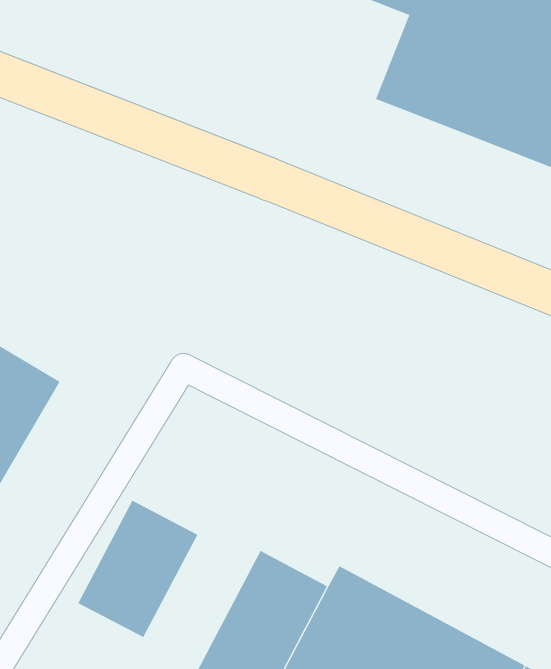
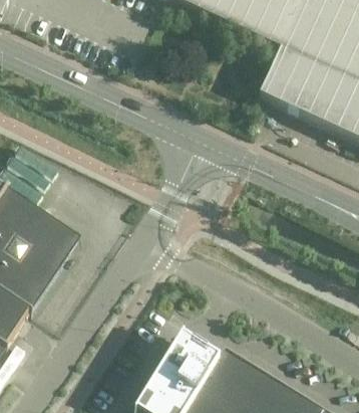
building: [78,500,198,638] -> none

